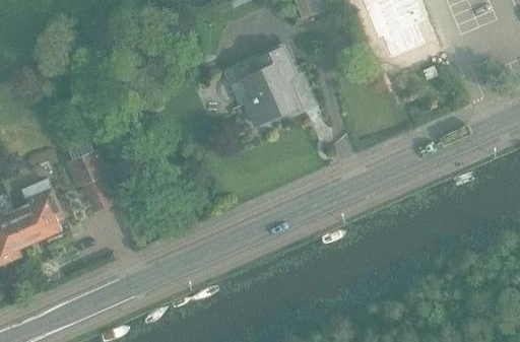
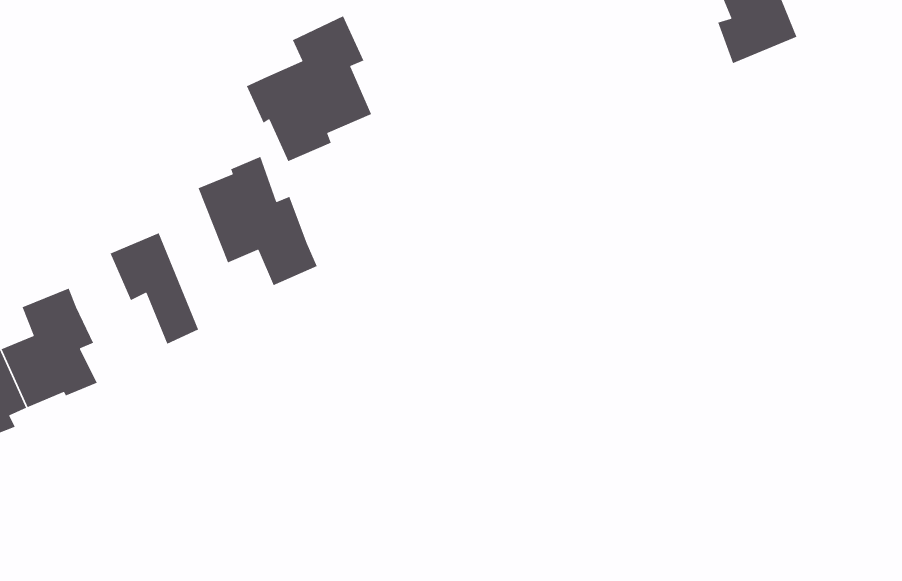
building: [230,46,297,124] -> [246,15,372,162]
building: none -> [198,156,318,286]

